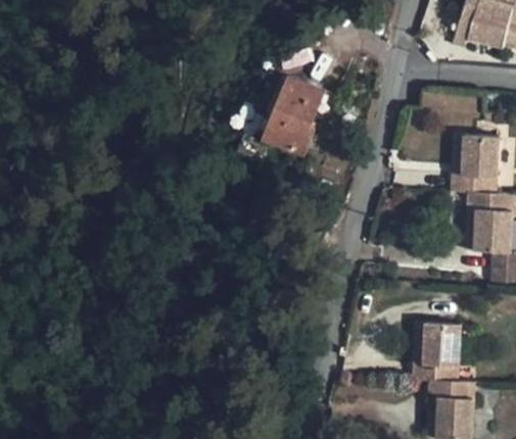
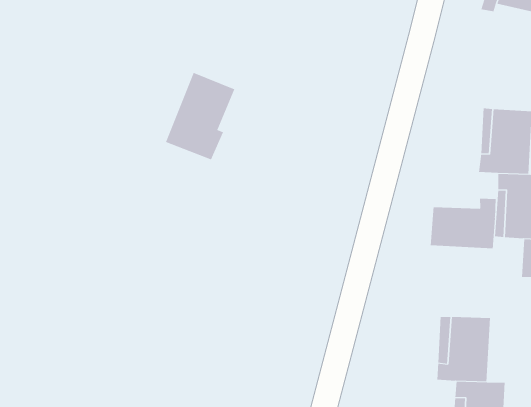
building: [264,74,327,153] -> [165,72,235,160]
building: none -> [430,198,496,249]

